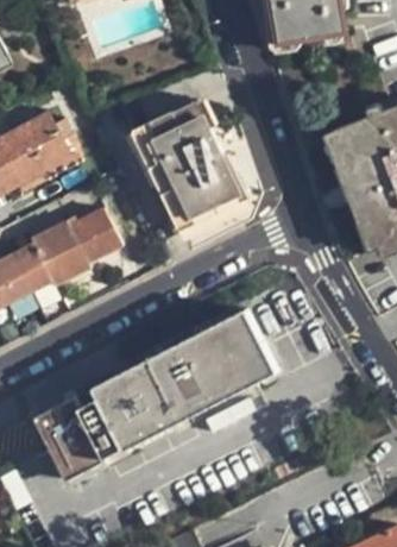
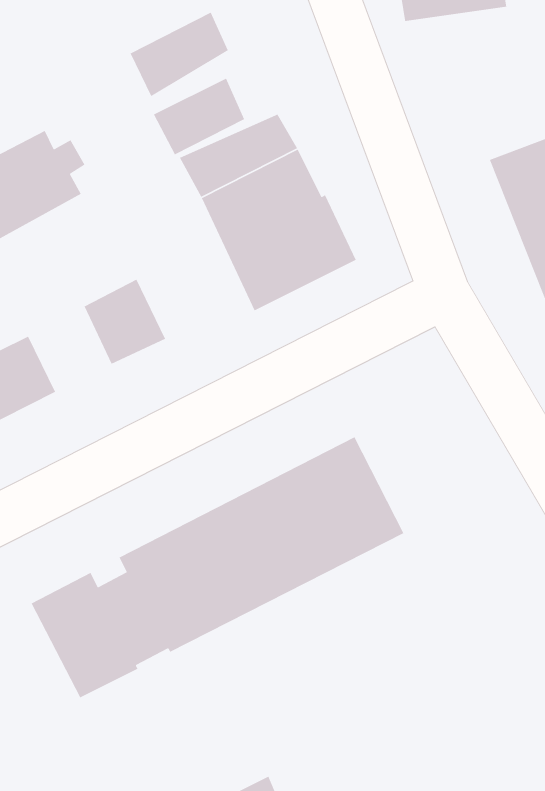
building: none -> [129,11,229,97]
building: none -> [153,77,245,156]
building: [31,221,90,288] -> none

